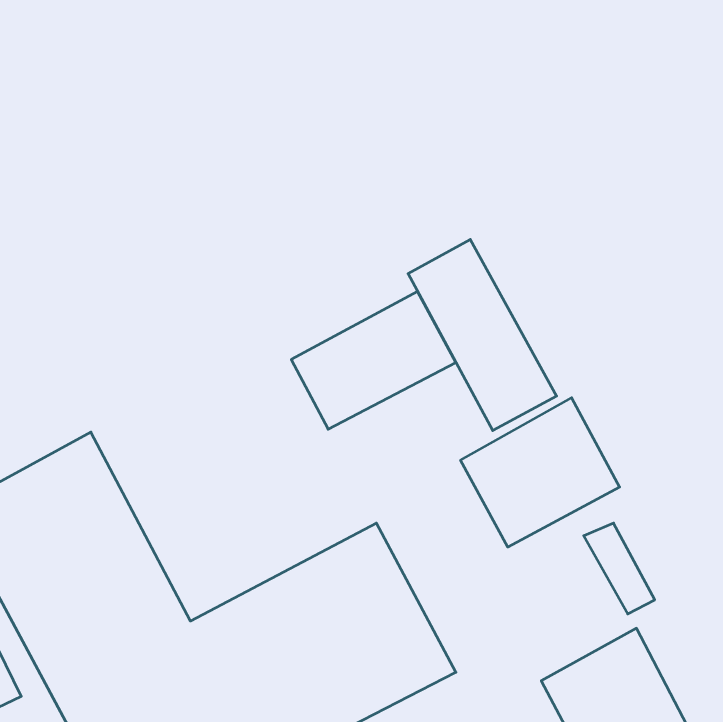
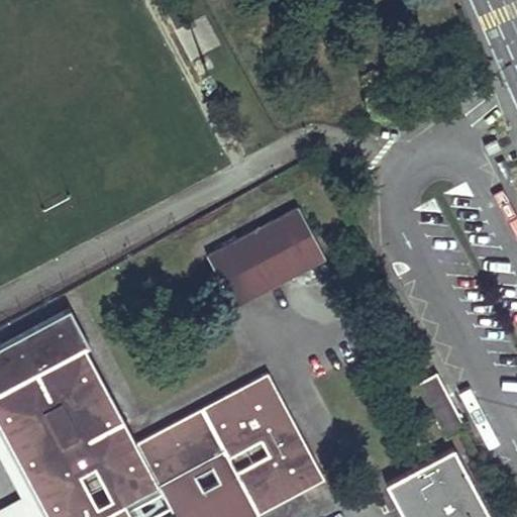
building: [408,239,557,431] -> none
building: [461,398,620,547] -> none

